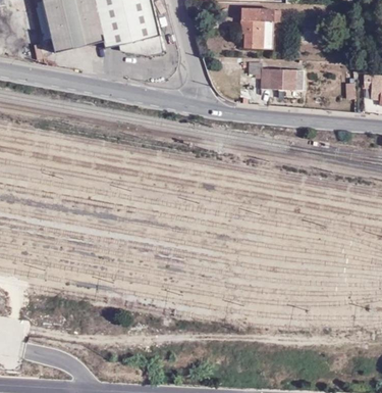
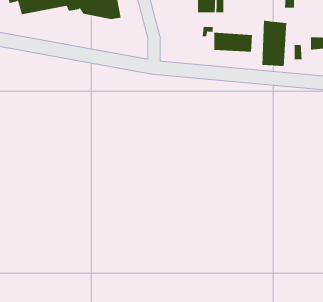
building: none -> [262,20,287,67]

